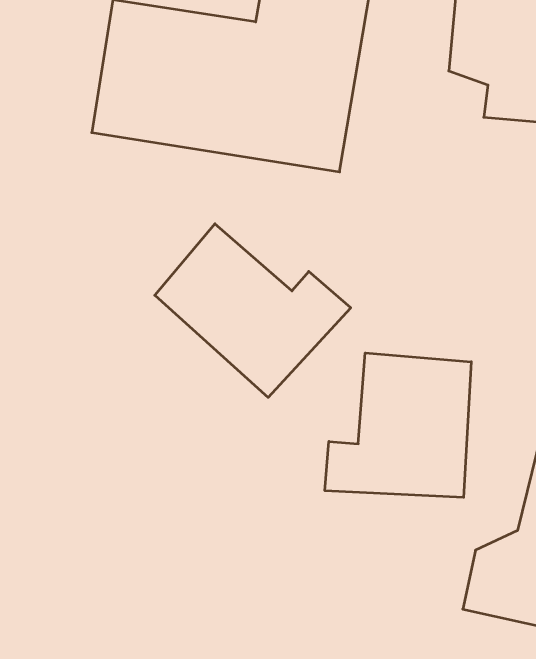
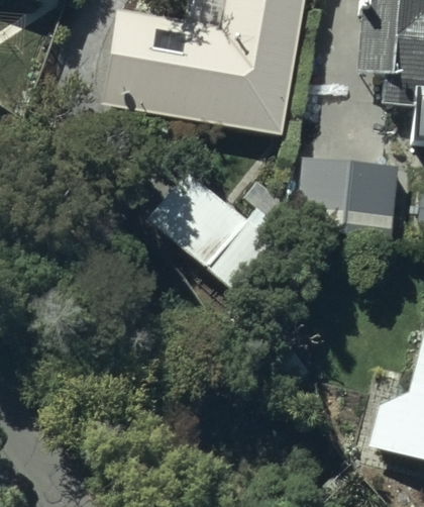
building: none -> [300,148,399,234]
building: [325,353,471,497] -> none

